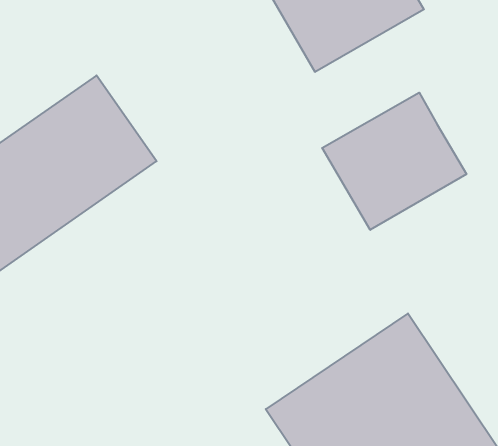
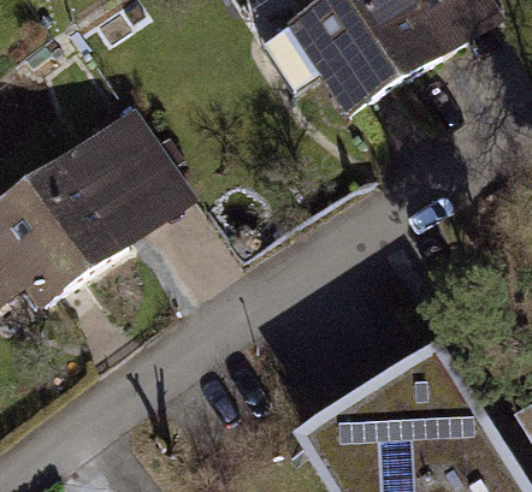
building: [322,93,466,230] -> none

